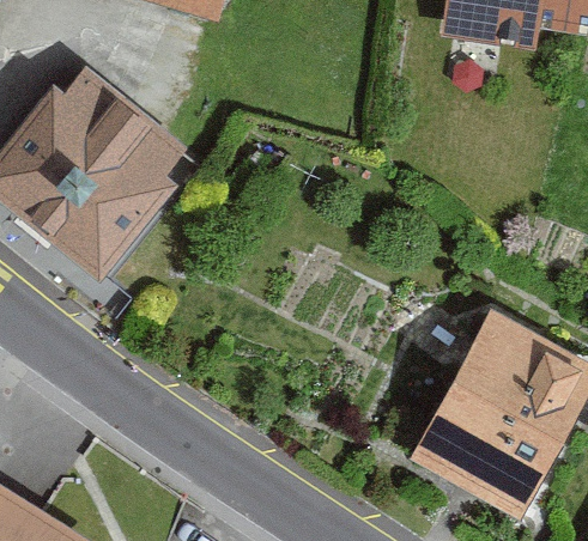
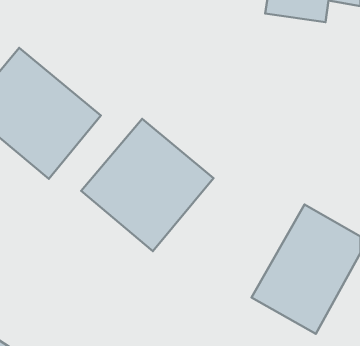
building: none -> [81,119,214,251]

